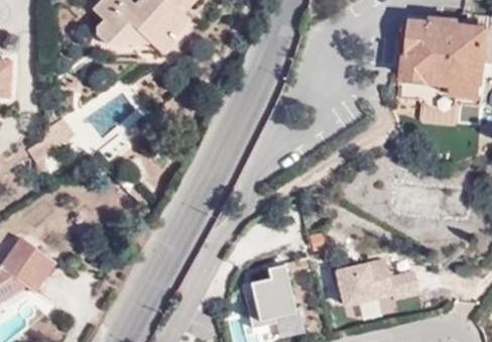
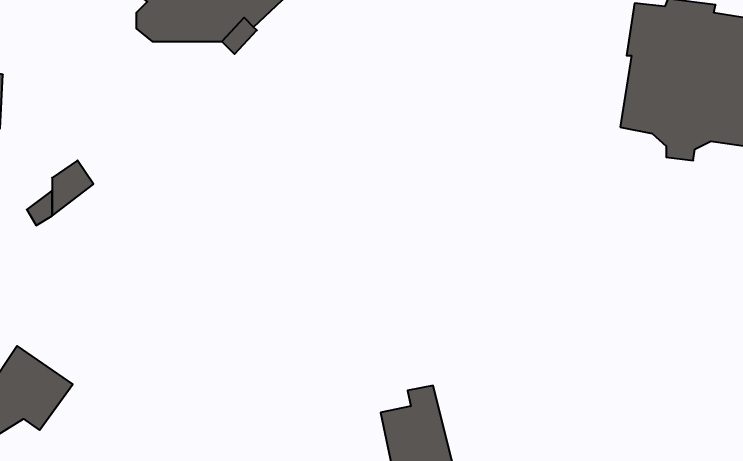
building: [332,259,418,307] -> none

